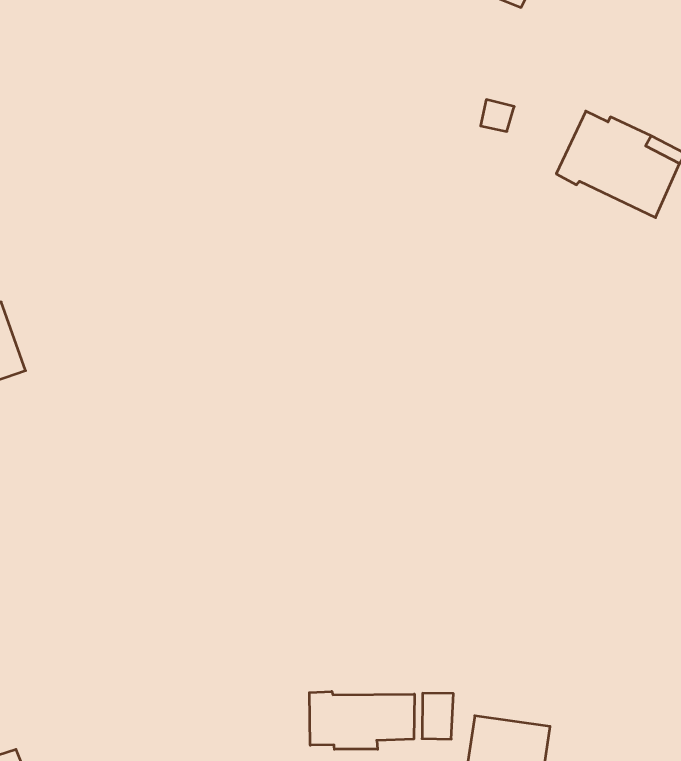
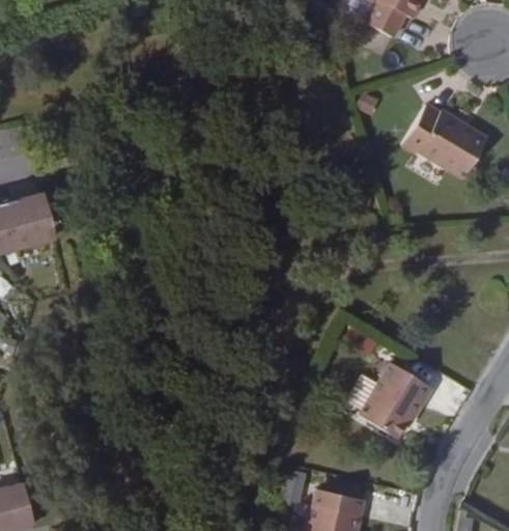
building: none -> [359,363,431,438]
building: [309,691,414,749] -> none

